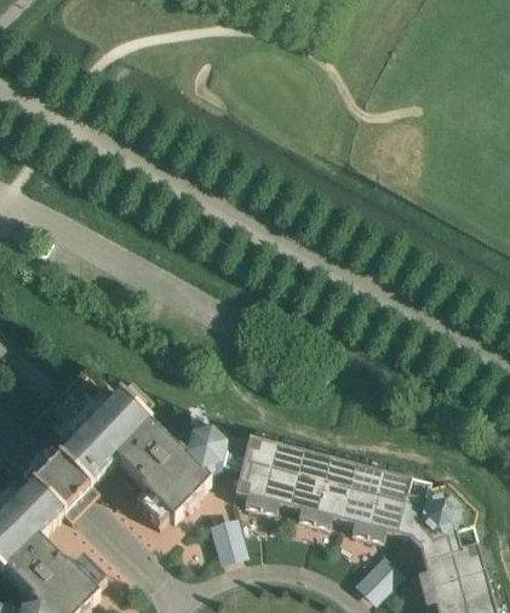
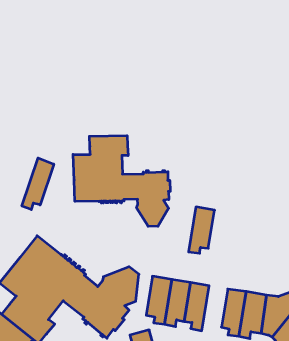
building: none -> [73,136,170,226]
building: none -> [22,158,54,210]
building: [313,460,356,528] -> [189,207,215,253]

